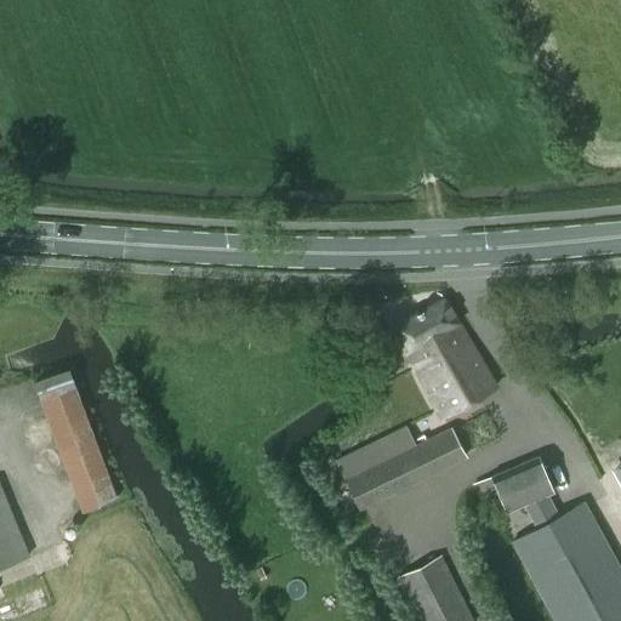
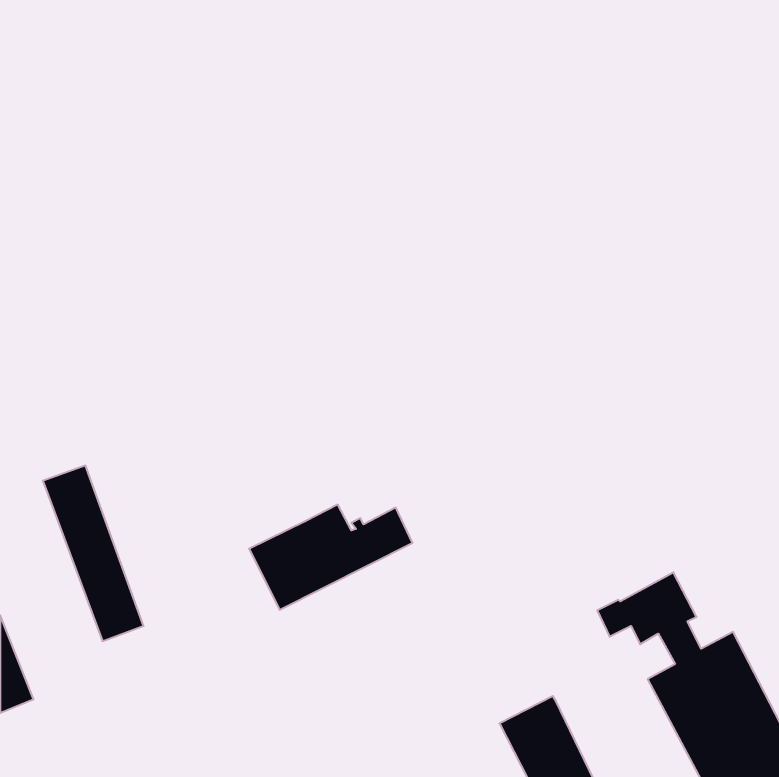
building: [393,298,497,418] -> none
building: [335,427,465,511] -> [249,505,413,610]

